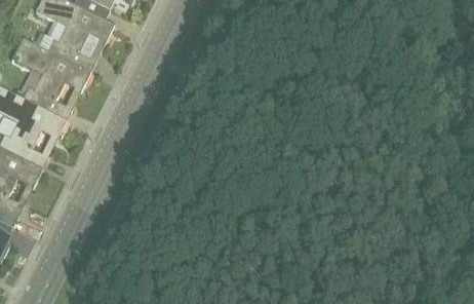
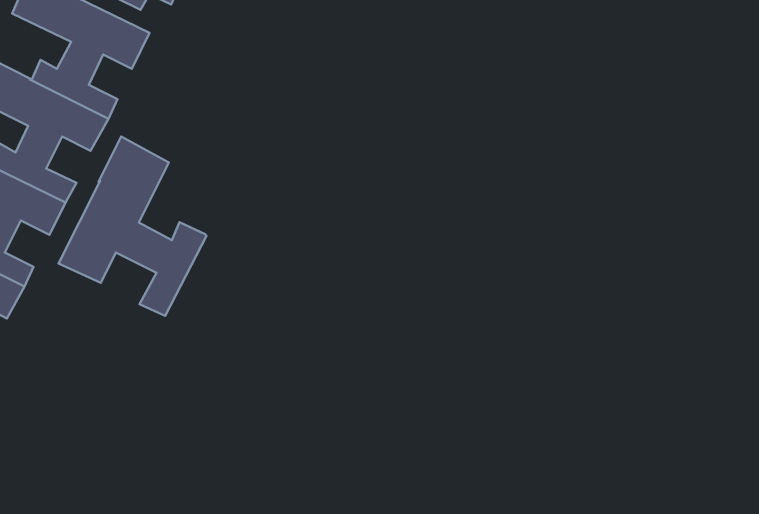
building: none -> [59,137,206,316]

